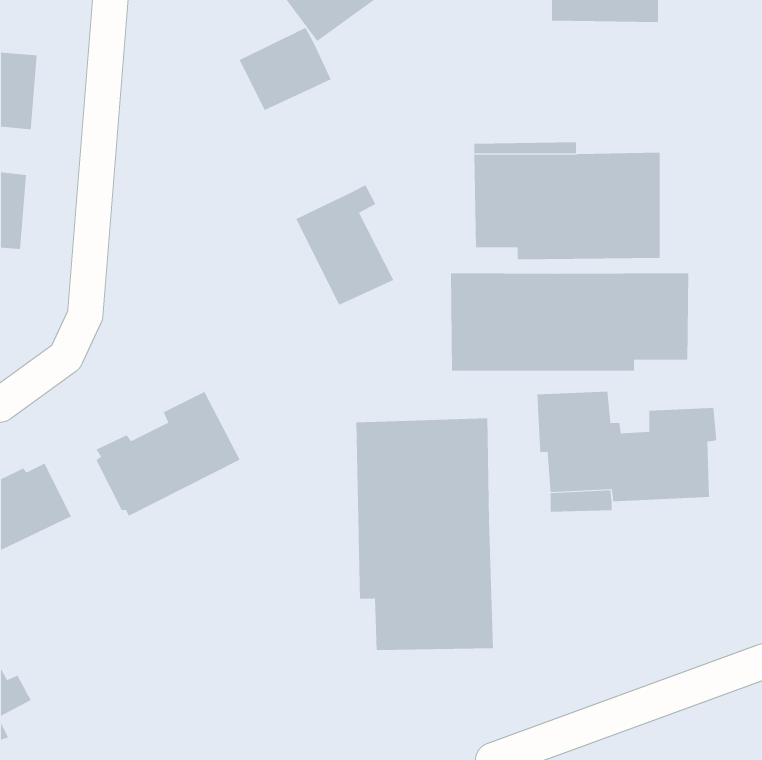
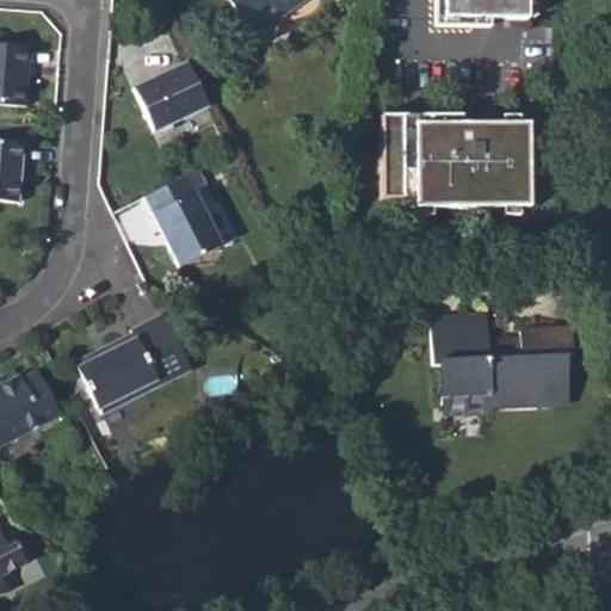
building: [239,27,331,111] -> [134,61,208,128]
building: [296,185,394,306] -> [144,167,223,264]
building: [451,272,689,372] -> none
building: [356,418,494,651] -> none

